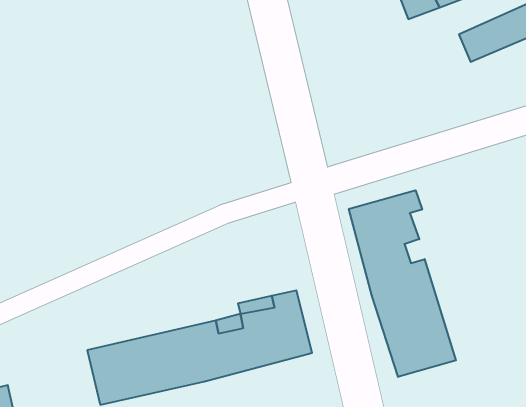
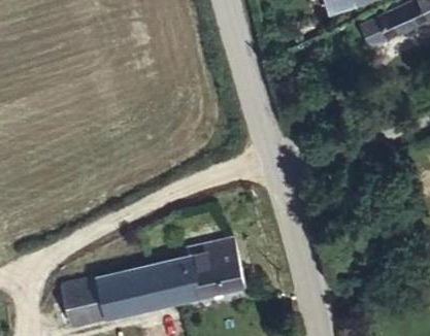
building: [349,190,456,377] -> none

